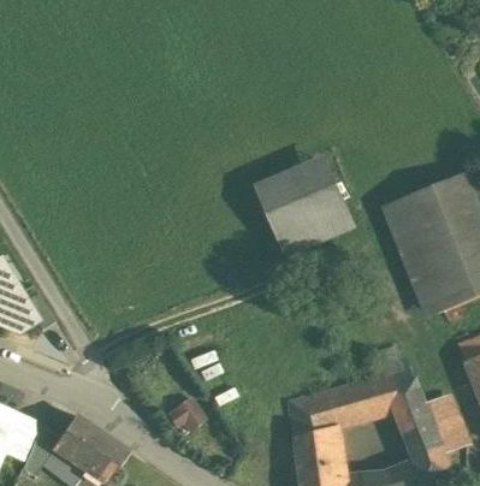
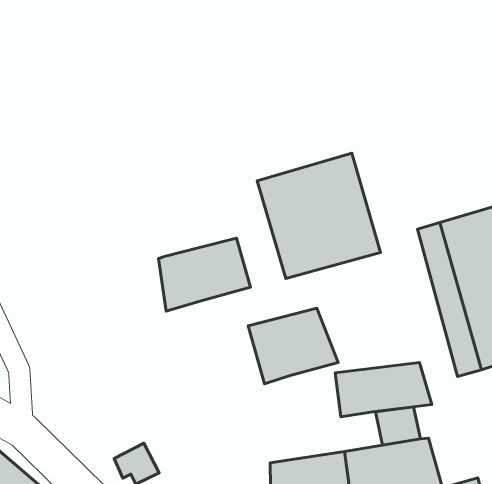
building: none -> [158,238,251,311]
building: none -> [248,308,338,384]
building: none -> [335,363,432,417]

